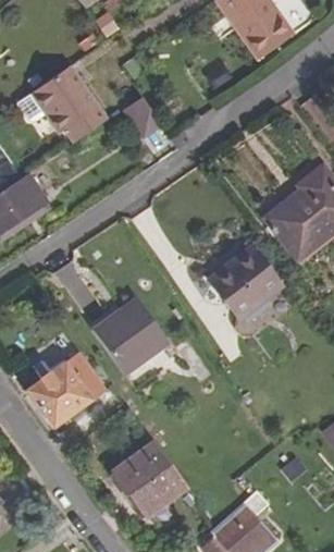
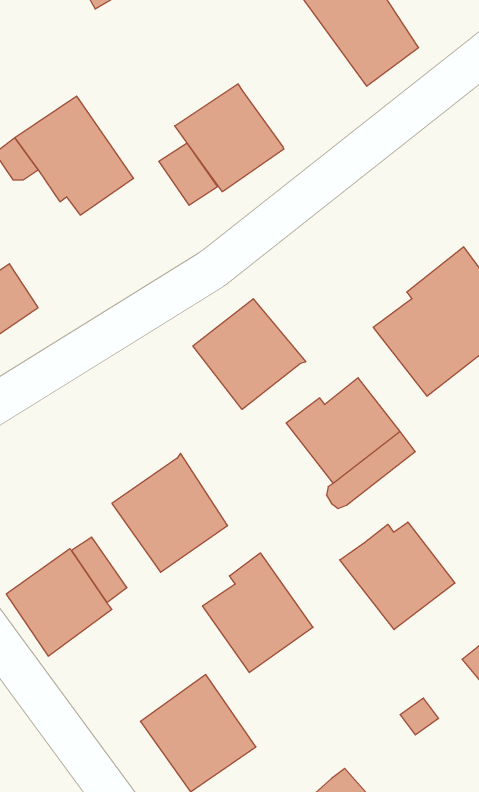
building: none -> [175,84,284,192]
building: none -> [193,299,306,409]
building: none -> [340,522,455,630]
building: none -> [203,553,313,673]

